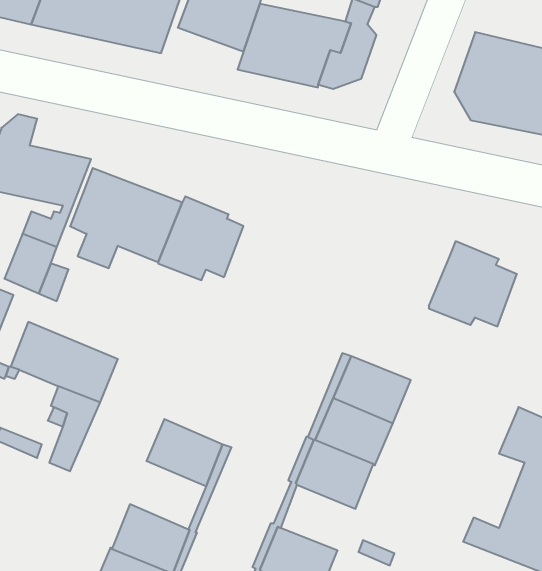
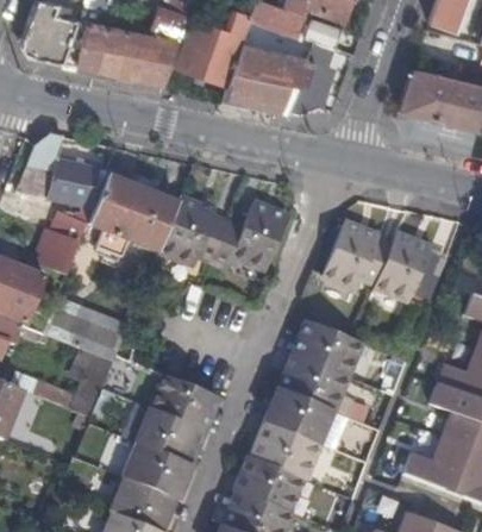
building: none -> [212,202,288,270]
building: none -> [323,221,392,289]
building: none -> [136,408,198,463]
building: none -> [257,427,319,481]

